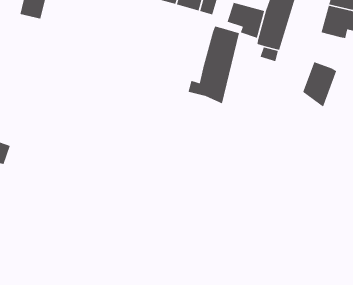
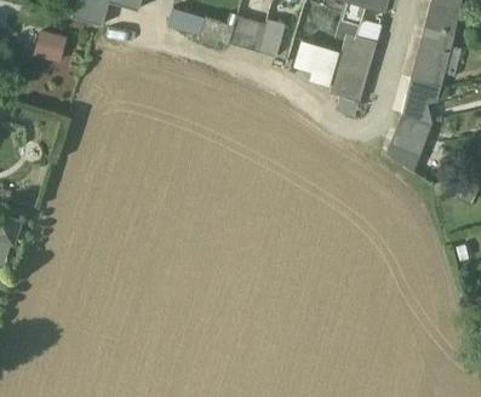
building: [187,25,240,105] -> none
building: none -> [401,80,434,123]

